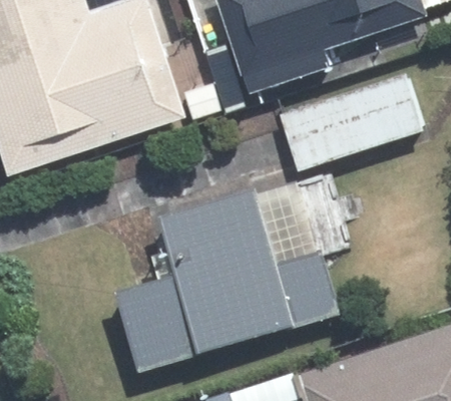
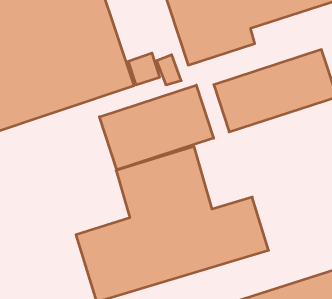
building: none -> [99,85,214,170]

